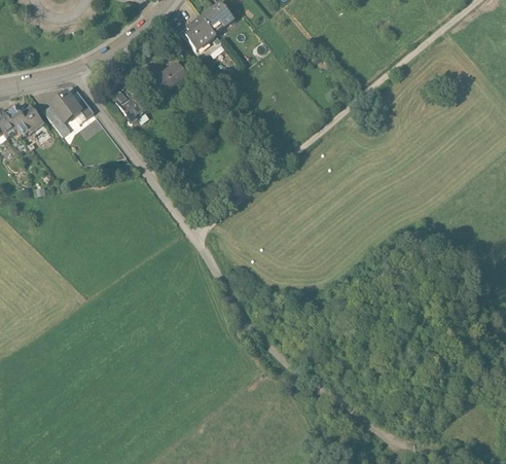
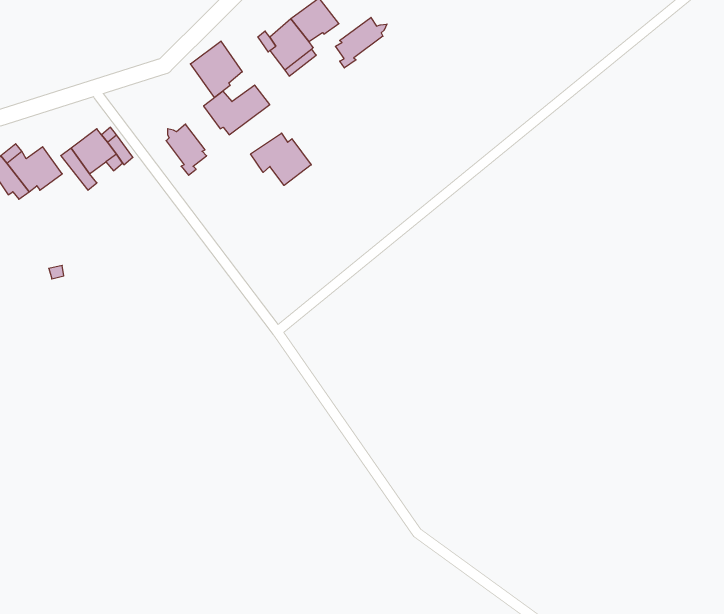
building: none -> [335,17,387,68]
building: none -> [190,41,242,98]
building: none -> [251,133,311,185]

